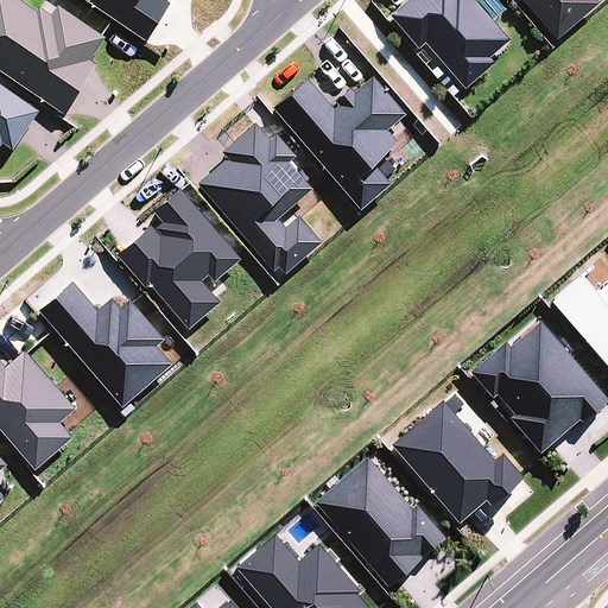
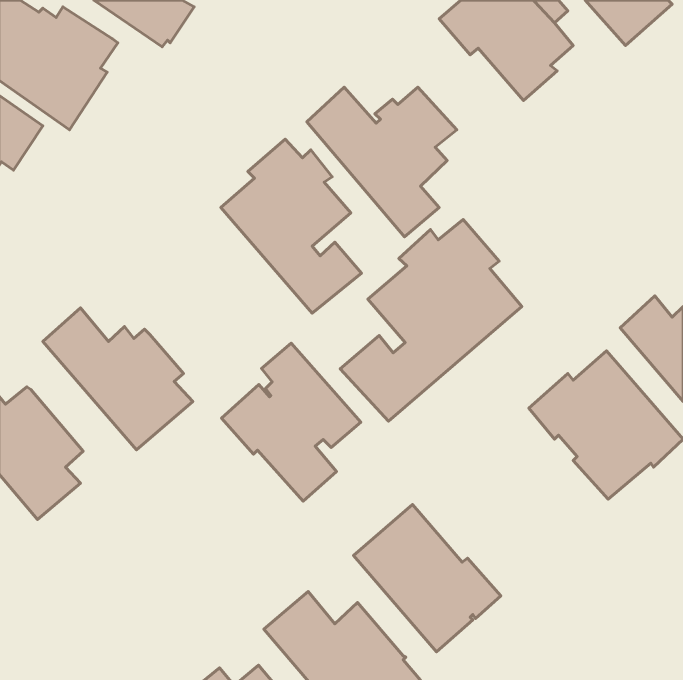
building: [116,192,240,332] -> [221,343,361,501]
building: none -> [340,219,522,421]
building: [391,395,521,518] -> none

